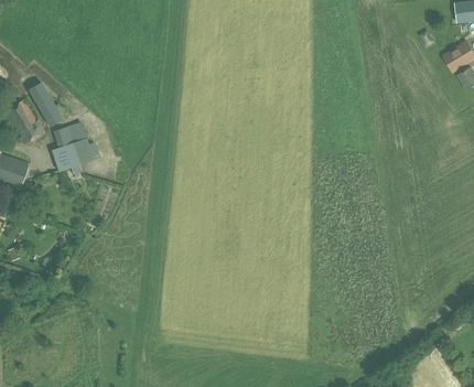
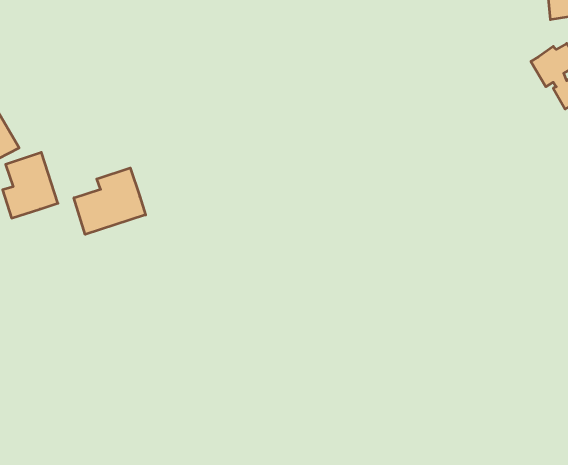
building: none -> [74,168,146,234]

